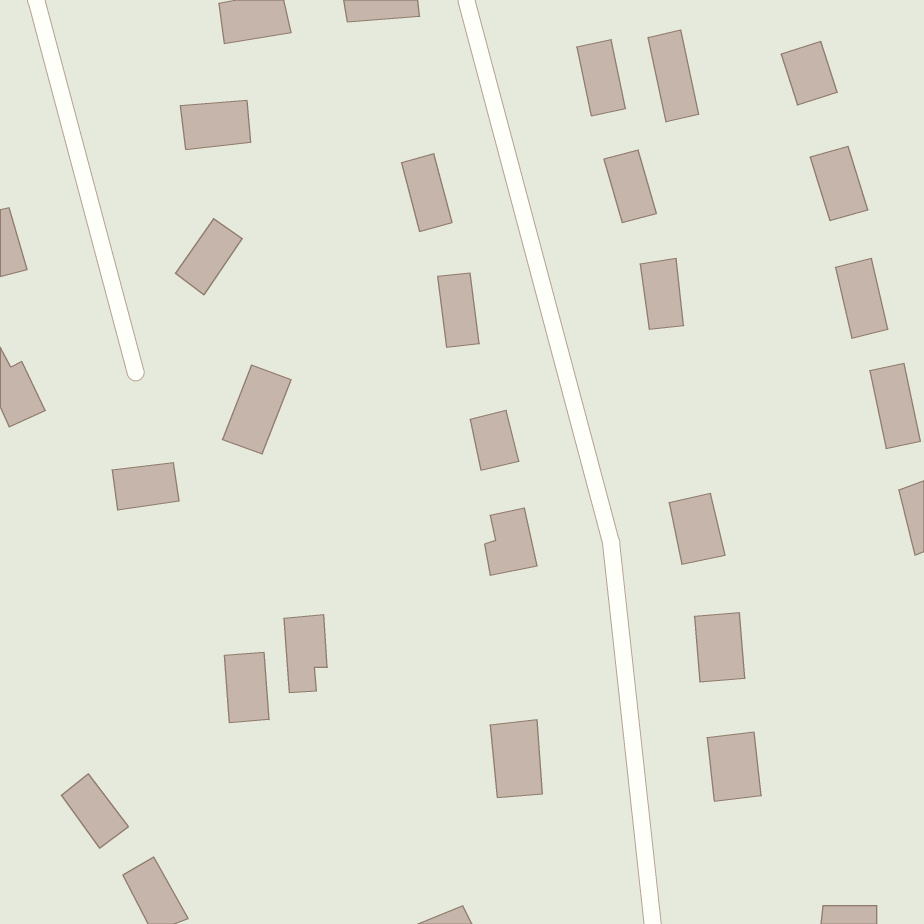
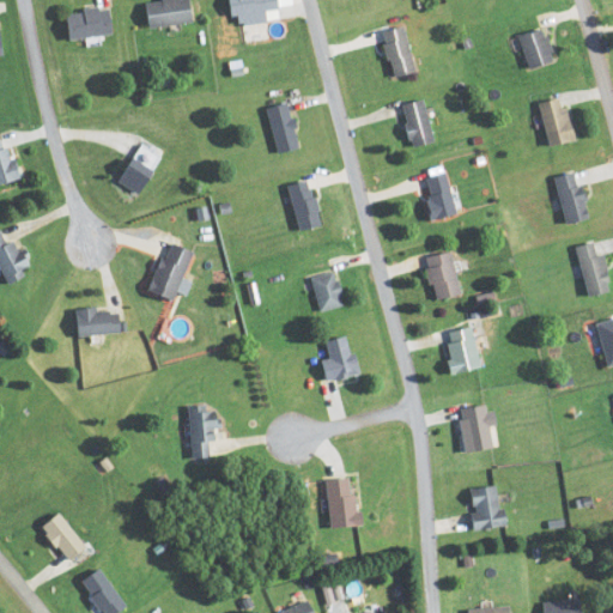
building: [648,30,698,122] -> none
building: [180,101,251,149] -> [65,7,111,40]
building: none -> [424,251,460,301]
building: [225,652,269,723] -> none

